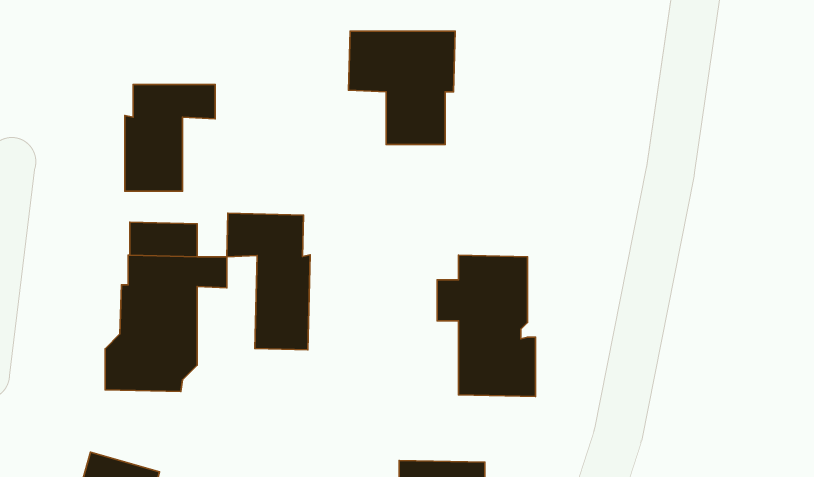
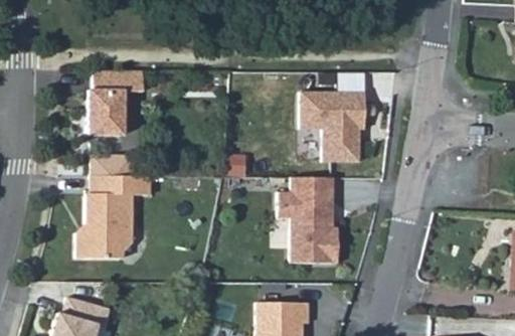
building: [348,31,455,144] -> [302,92,367,161]
building: [227,213,310,350] -> none

